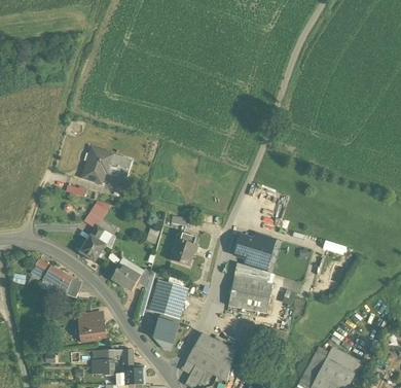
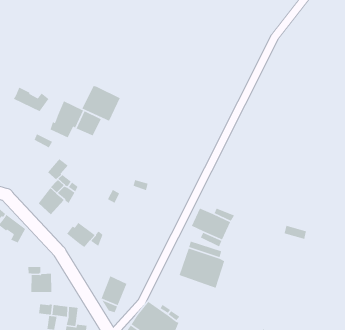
building: none -> [81,85,121,122]
building: none -> [13,87,49,112]
building: [169,233,197,267] -> none
building: [148,279,187,319] -> none

